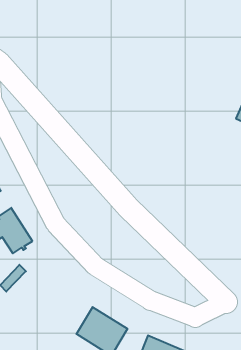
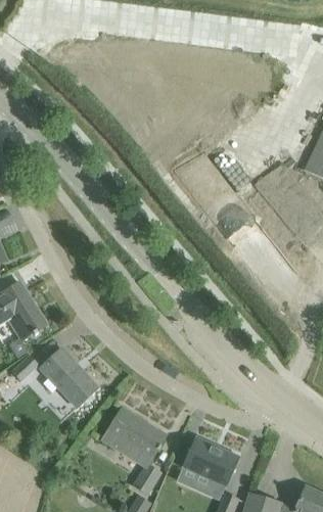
building: none -> [40,348,97,407]

